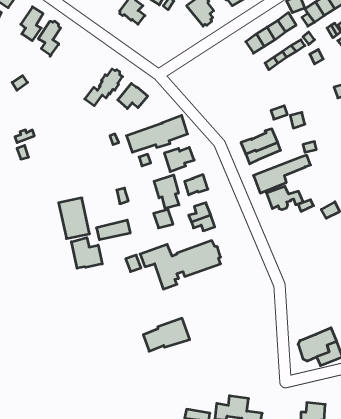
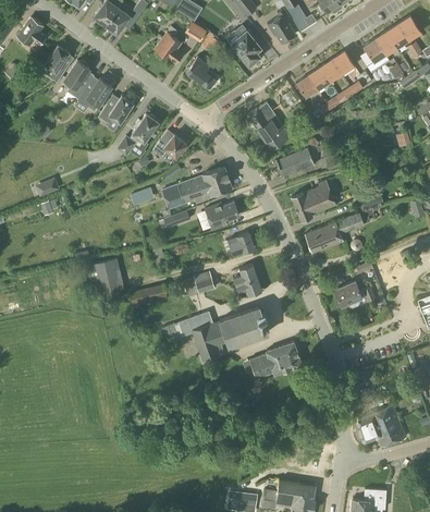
building: none -> [186,57,218,89]
building: none -> [77,77,112,107]
building: none -> [99,95,134,123]
building: none -> [247,101,290,147]
building: none -> [277,148,315,176]
building: [154,175,179,208] -> none
building: [266,186,303,210] -> [335,281,377,307]
building: [71,238,102,268] -> none
building: [143,318,190,351] -> [250,341,303,378]

